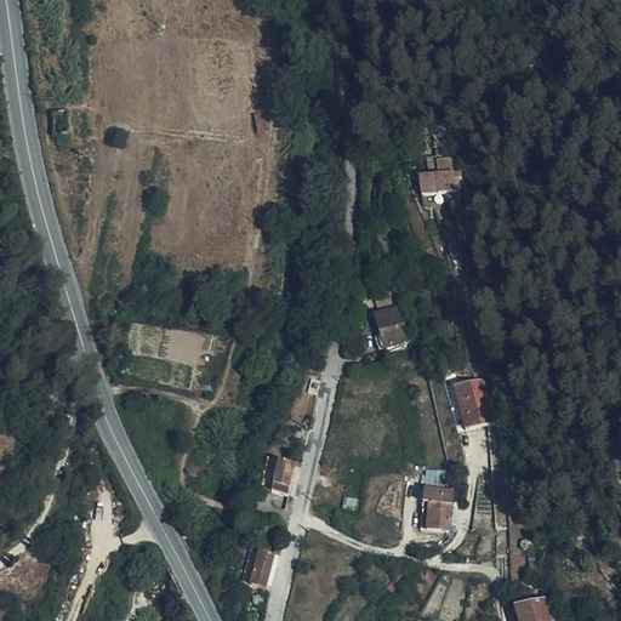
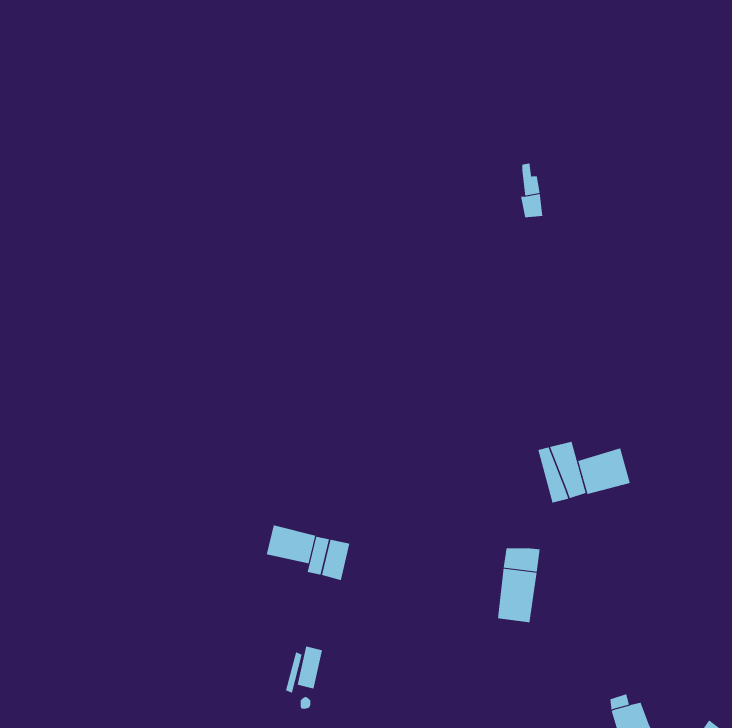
building: [420,150,441,192] -> none
building: [375,306,408,346] -> none
building: none -> [577,448,630,495]
building: none -> [266,524,316,564]

